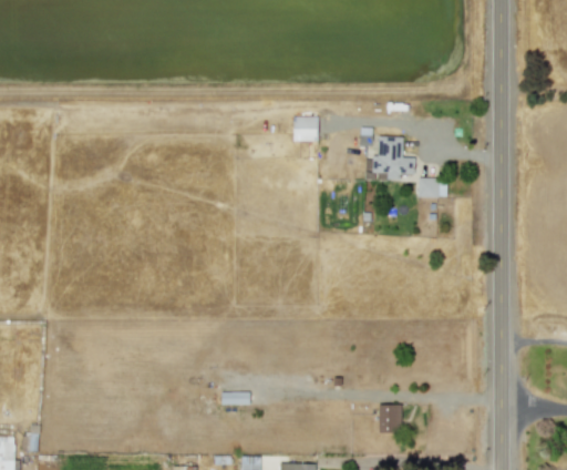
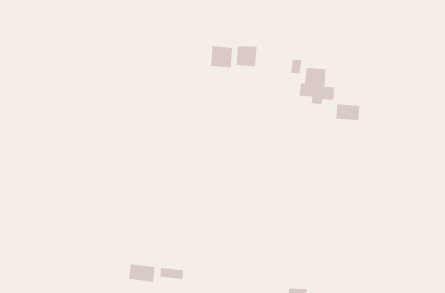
building: none -> [210,45,233,68]
building: none -> [128,264,156,283]

